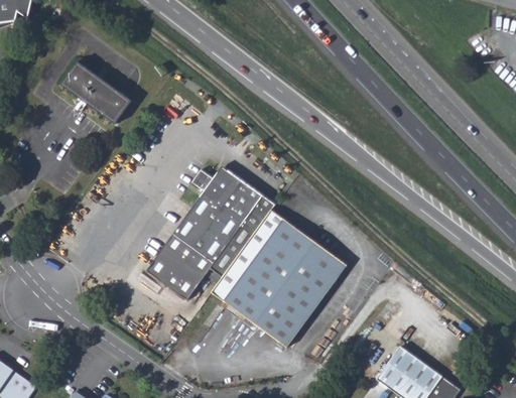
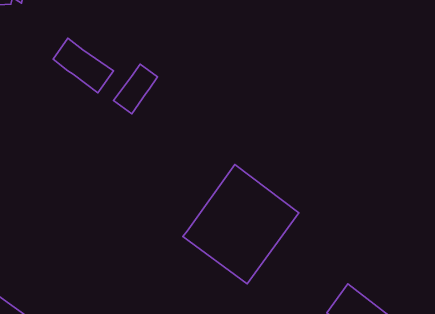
building: none -> [114,64,158,114]
building: [145,169,273,299] -> none

